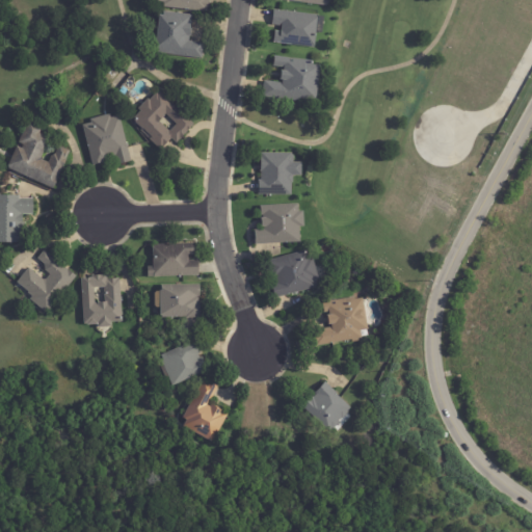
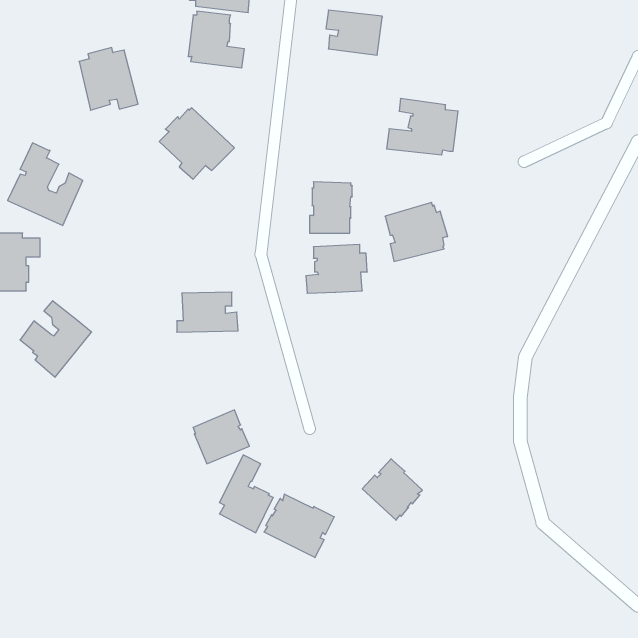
building: [262,54,321,101] -> [387,99,458,155]
building: [82,112,131,164] -> [79,48,138,110]
building: [267,248,319,297] -> [385,202,448,261]
building: [81,272,122,326] -> none
building: [158,284,197,318] -> none
building: [314,296,368,345] -> none
building: none -> [264,494,334,558]

